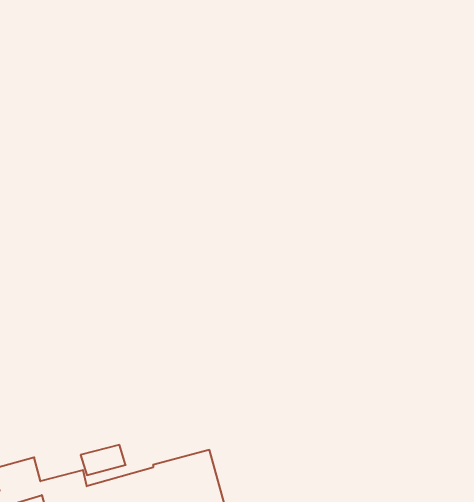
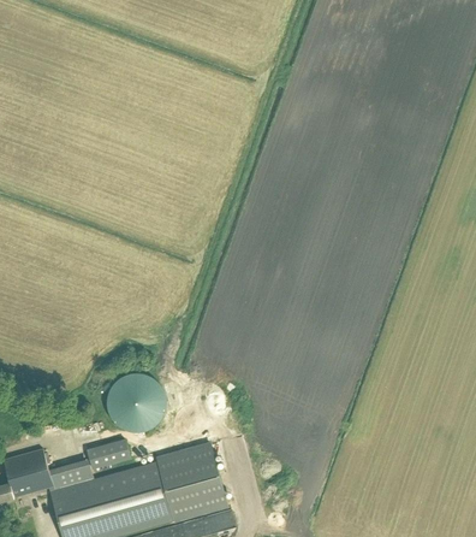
building: none -> [106,372,165,431]

